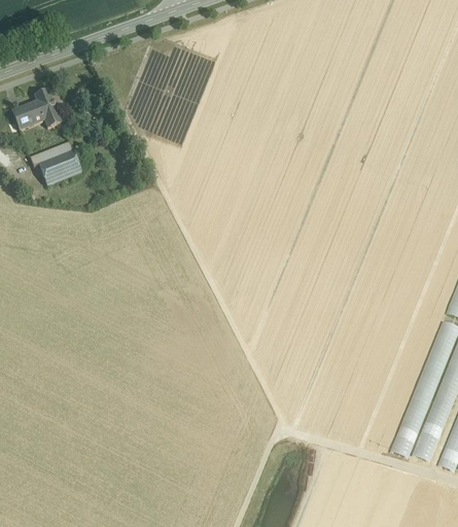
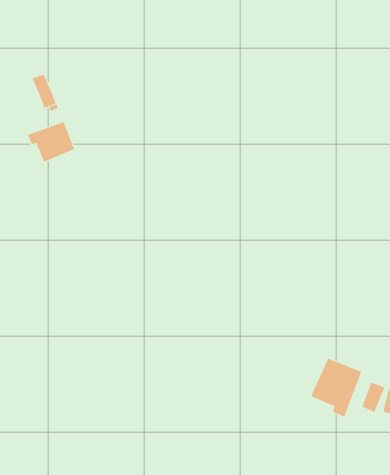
building: [12,100,45,130] -> none
building: none -> [310,358,362,417]

